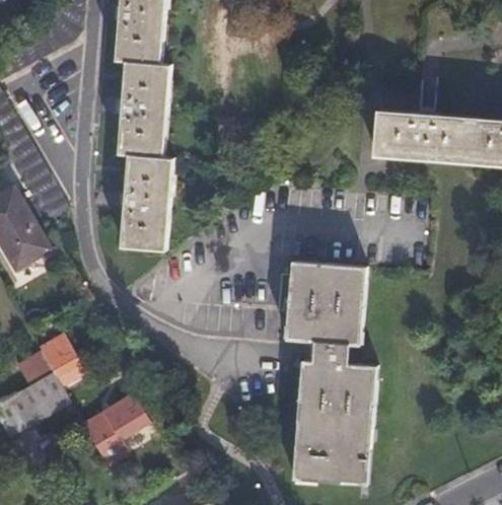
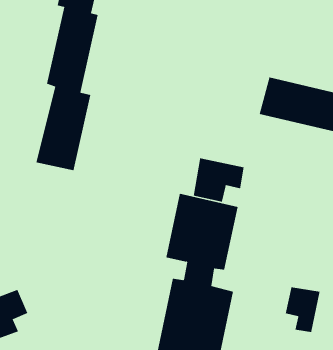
building: none -> [193,158,244,202]
building: none -> [285,286,320,333]

